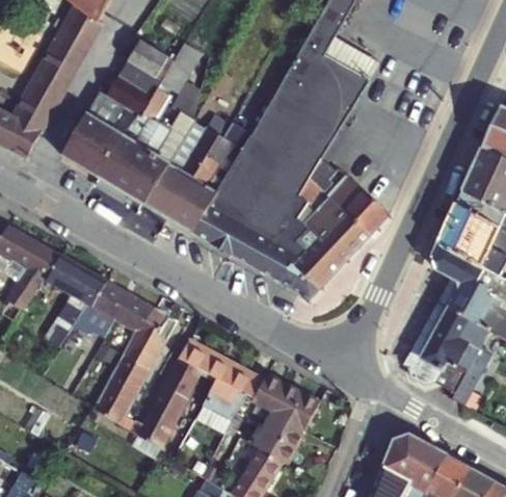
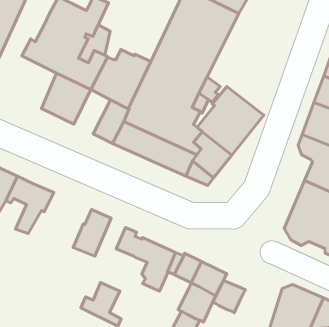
building: [60,108,127,178] -> none
building: [143,159,193,216] -> none
building: [62,287,157,362] -> none
building: [98,360,156,438] -> none
building: [160,366,206,421] -> none
building: none -> [213,280,245,313]

